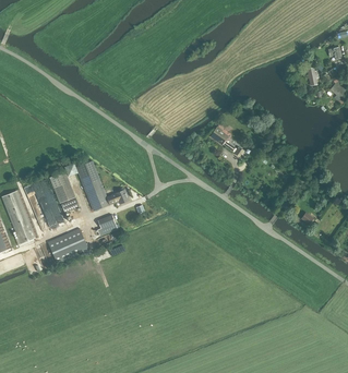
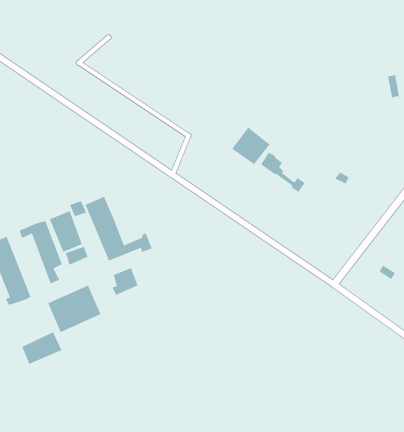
building: none -> [231,127,271,165]
building: none -> [21,331,62,365]

